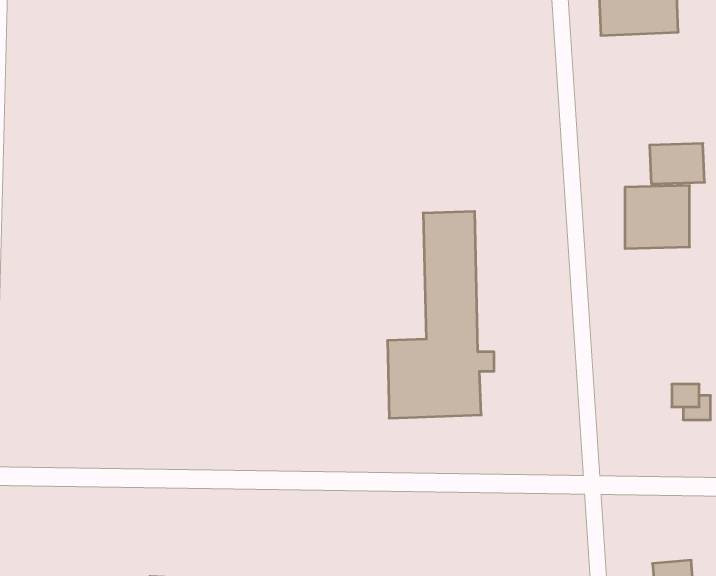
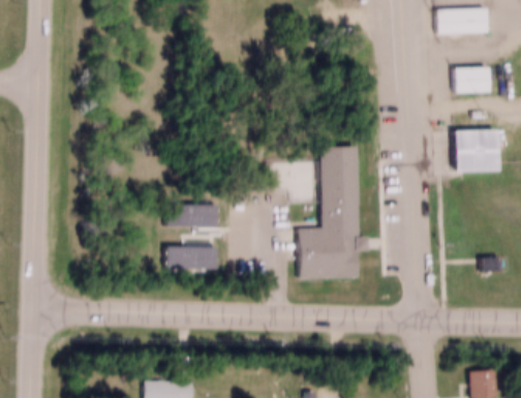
building: [650,143,705,184] -> [453,66,488,92]
building: none -> [170,203,218,225]
building: none -> [171,245,218,267]

